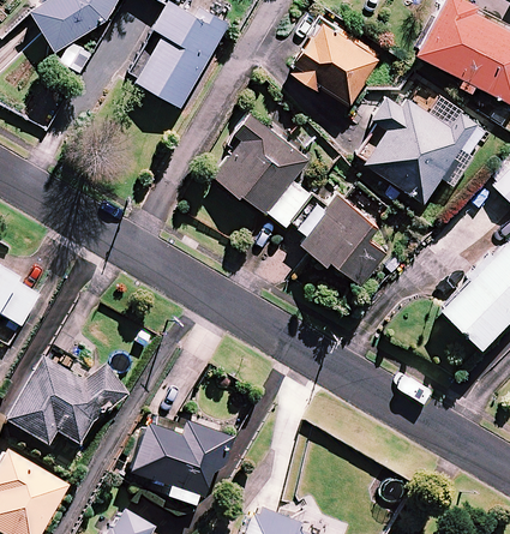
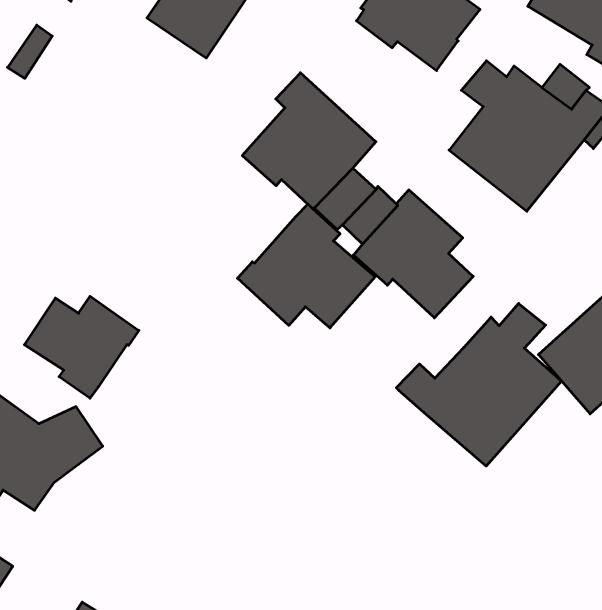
building: none -> [237,204,375,328]
building: none -> [396,303,561,466]
building: none -> [24,296,139,398]
building: [126,420,232,500] -> none

